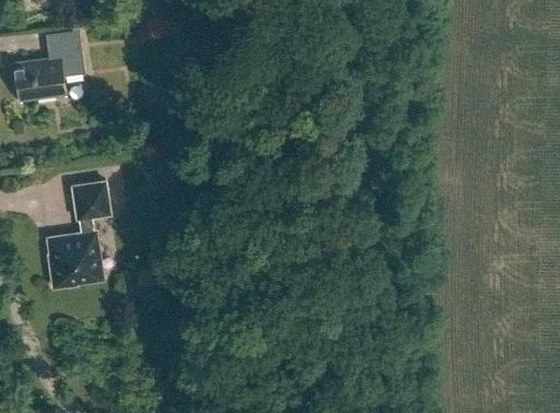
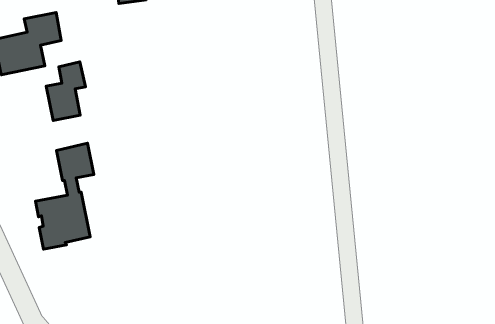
building: none -> [46,62,85,121]

